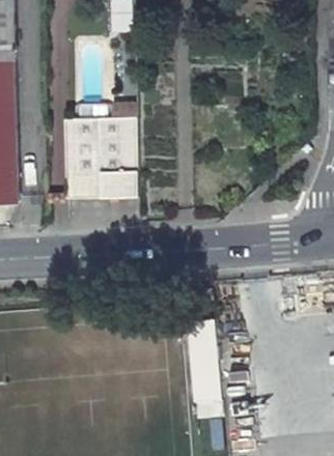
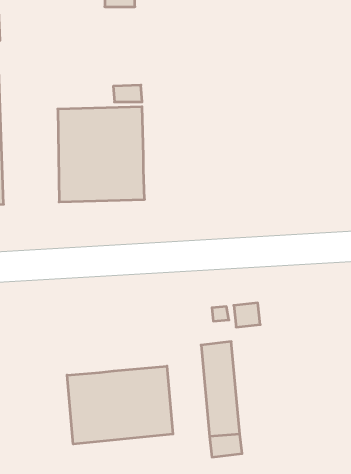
building: none -> [67,366,173,444]

